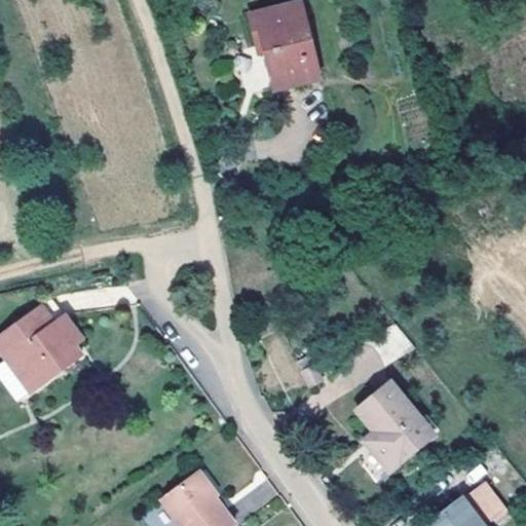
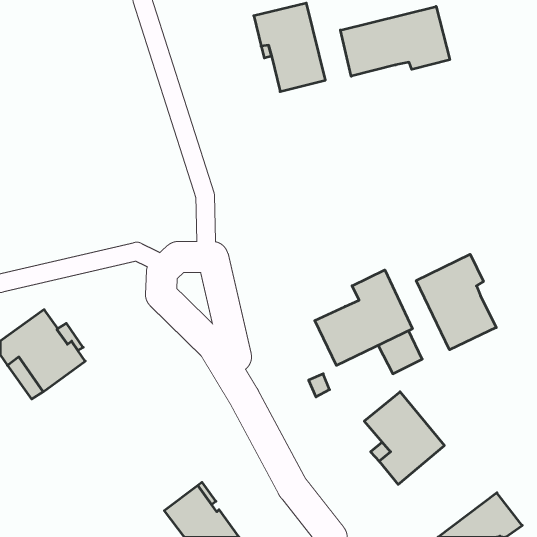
building: none -> [340,6,450,76]
building: none -> [416,254,496,350]
building: none -> [315,270,412,365]

